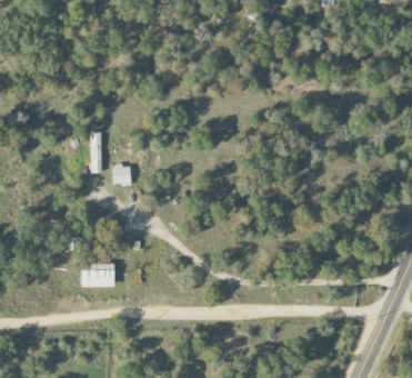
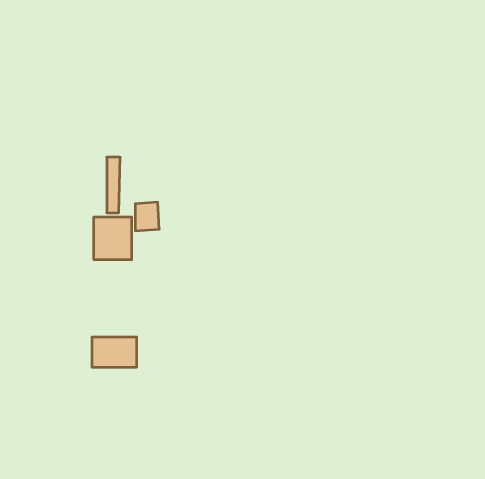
building: none -> [94,217,132,260]

